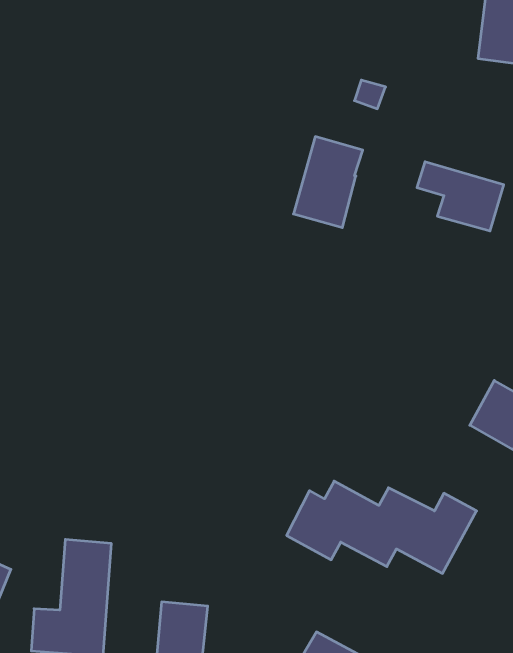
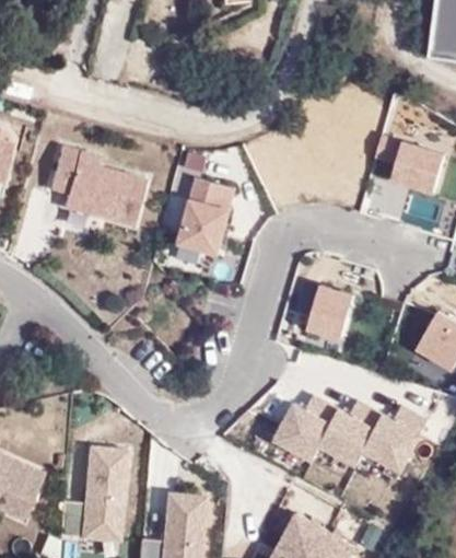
building: [293,137,363,228] -> [177,181,233,254]
building: none -> [51,143,147,222]
building: none -> [309,292,354,344]

